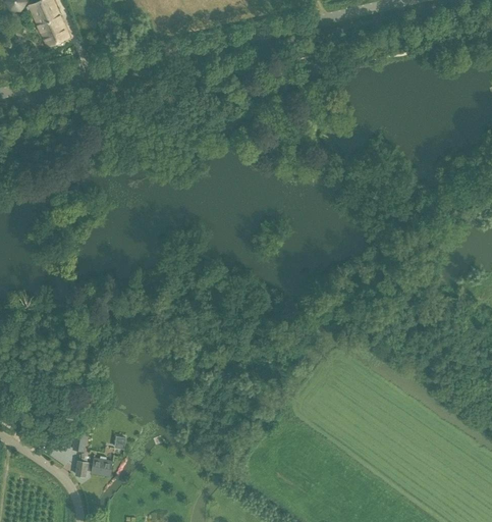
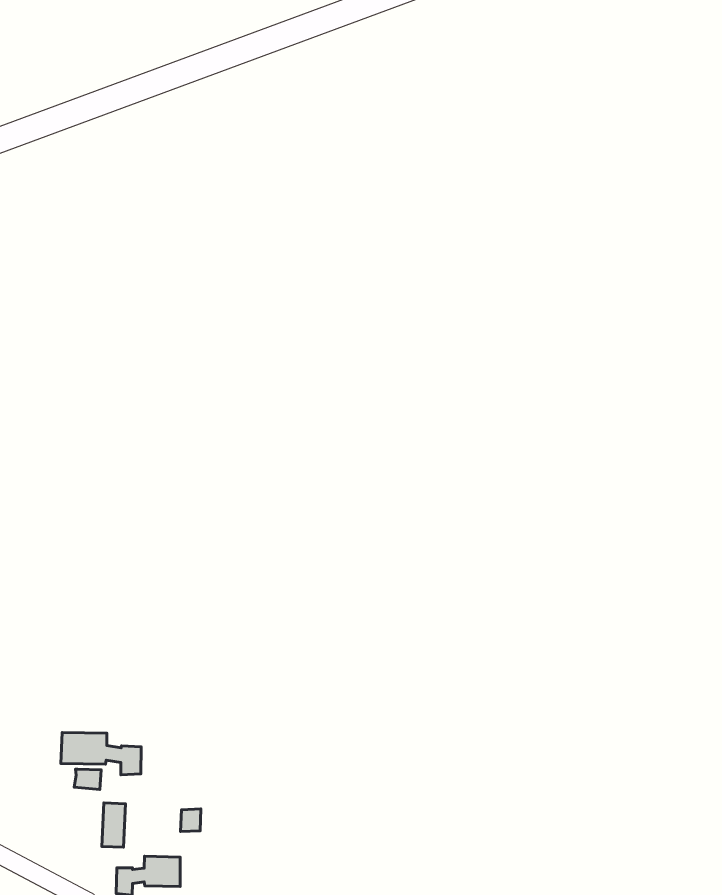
building: none -> [61,732,141,775]

